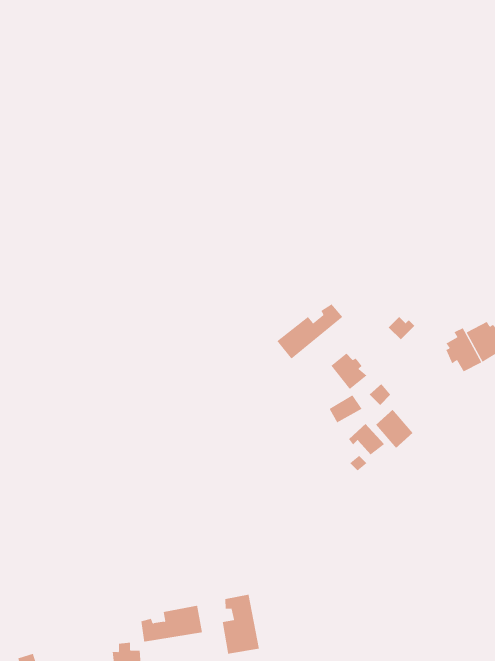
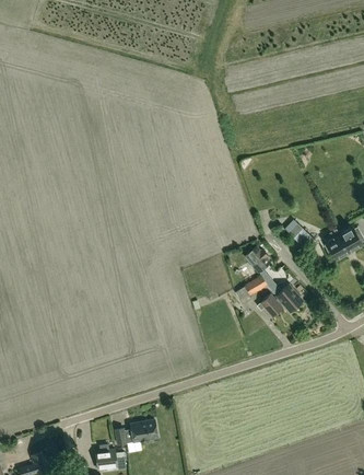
building: [277,303,343,359] -> none
building: [222,594,260,655] -> none

